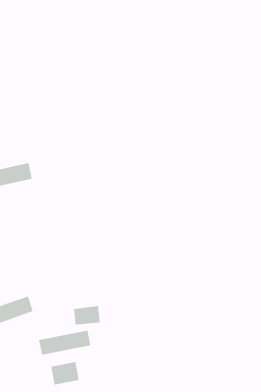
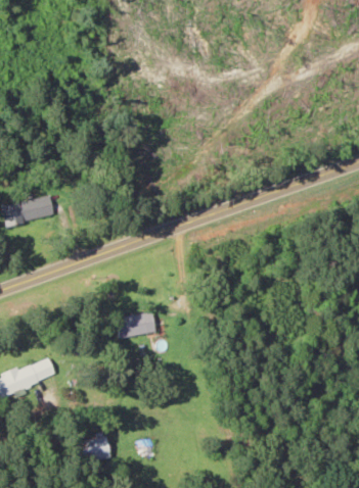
building: [73,306,101,325] -> [115,311,147,335]
building: [39,330,91,356] -> none

